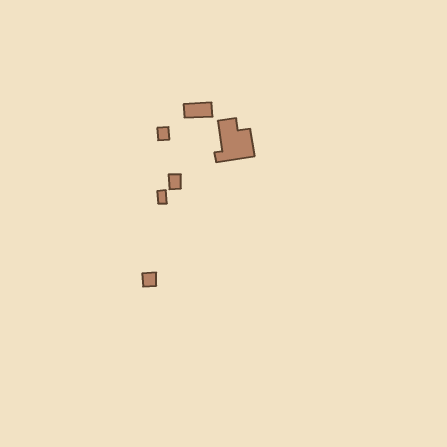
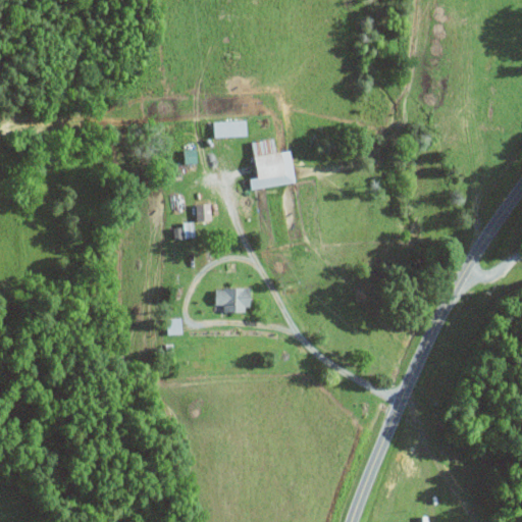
building: none -> [215,289,251,311]

